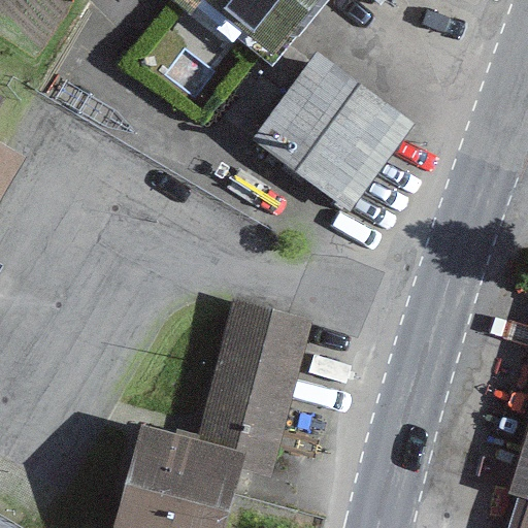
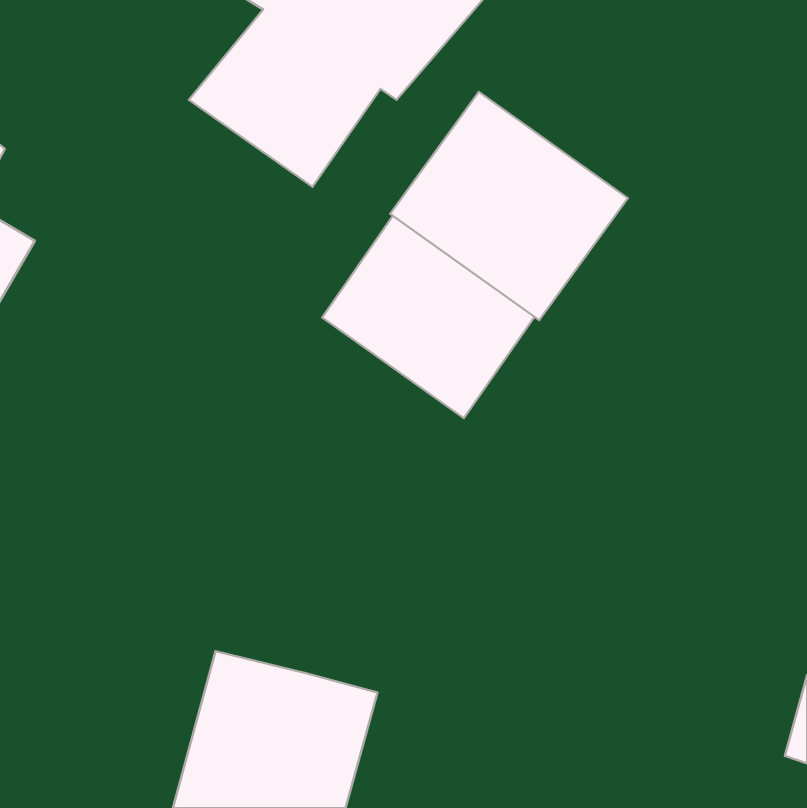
building: none -> [322,216,535,418]
building: [199,298,312,459] -> none

